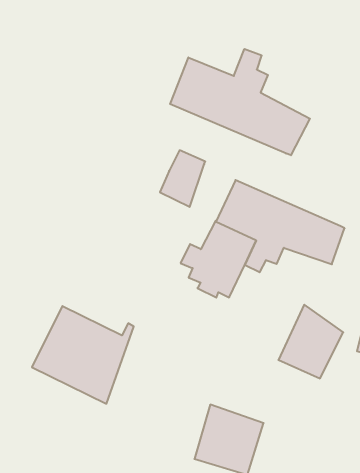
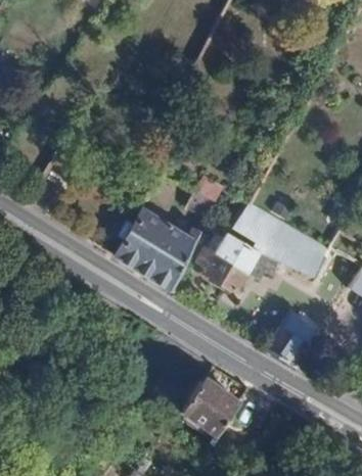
building: [170,49,310,155] -> none
building: [32,306,134,404] -> [114,208,198,290]

